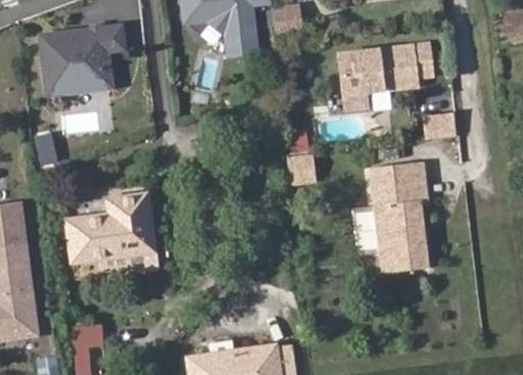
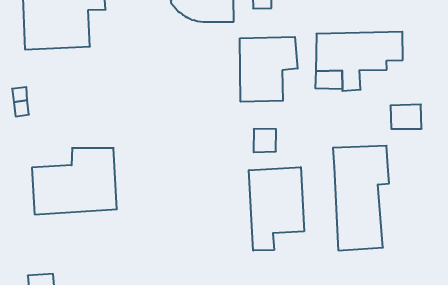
building: none -> [240,37,298,102]
building: none -> [249,167,304,251]

